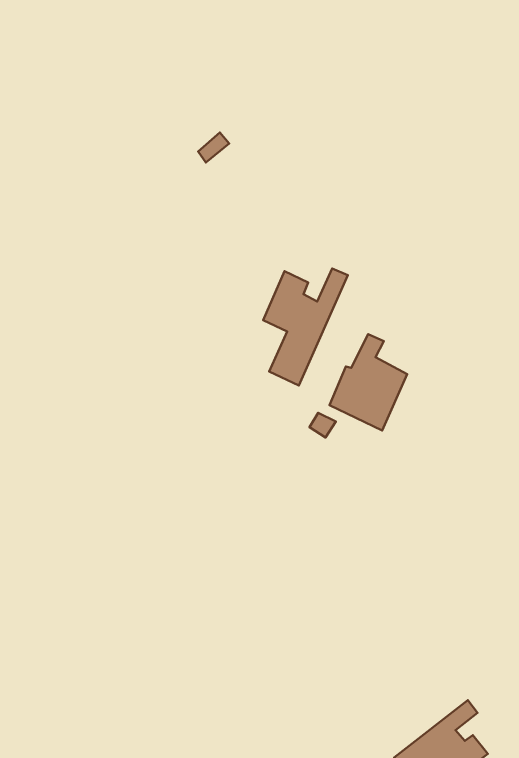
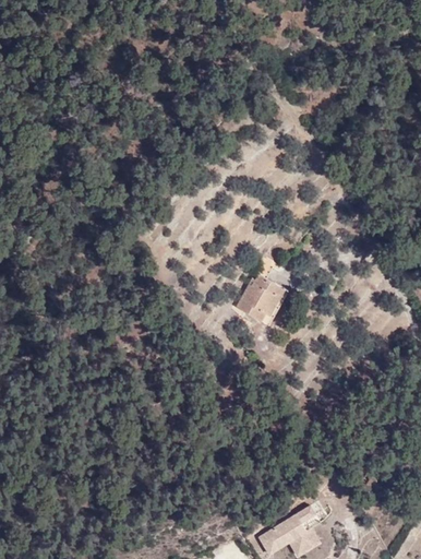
building: [263,268,348,386] -> none

